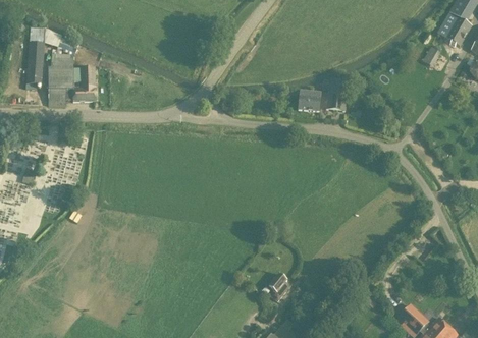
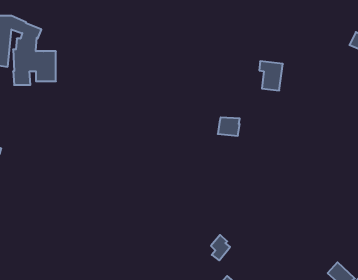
building: [296,92,320,112] -> [218,117,240,136]

